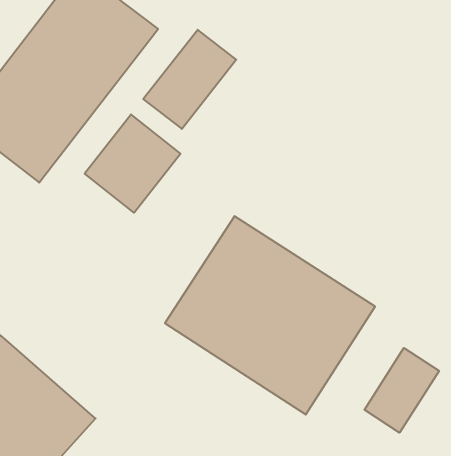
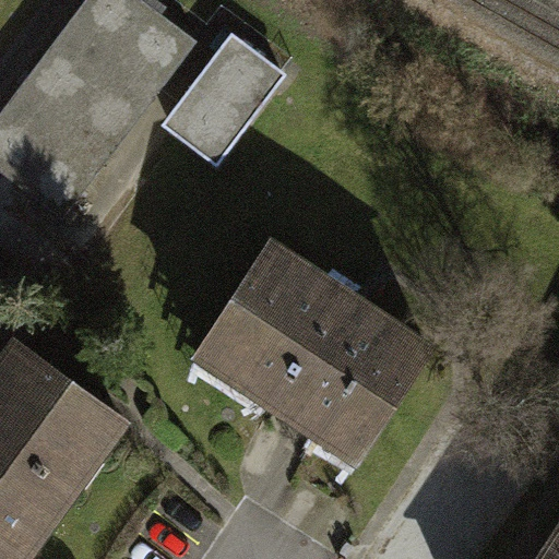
building: [85,114,180,213] -> none
building: [364,348,439,433] -> none

